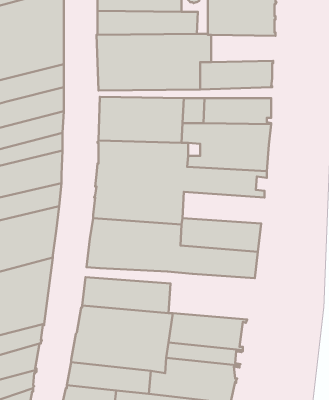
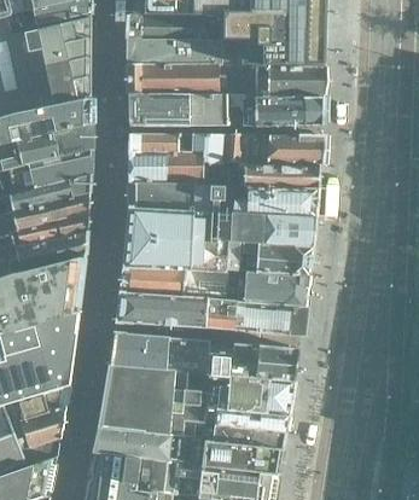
building: none -> [254,65,325,95]
building: none -> [222,239,313,274]
building: none -> [206,341,299,380]

